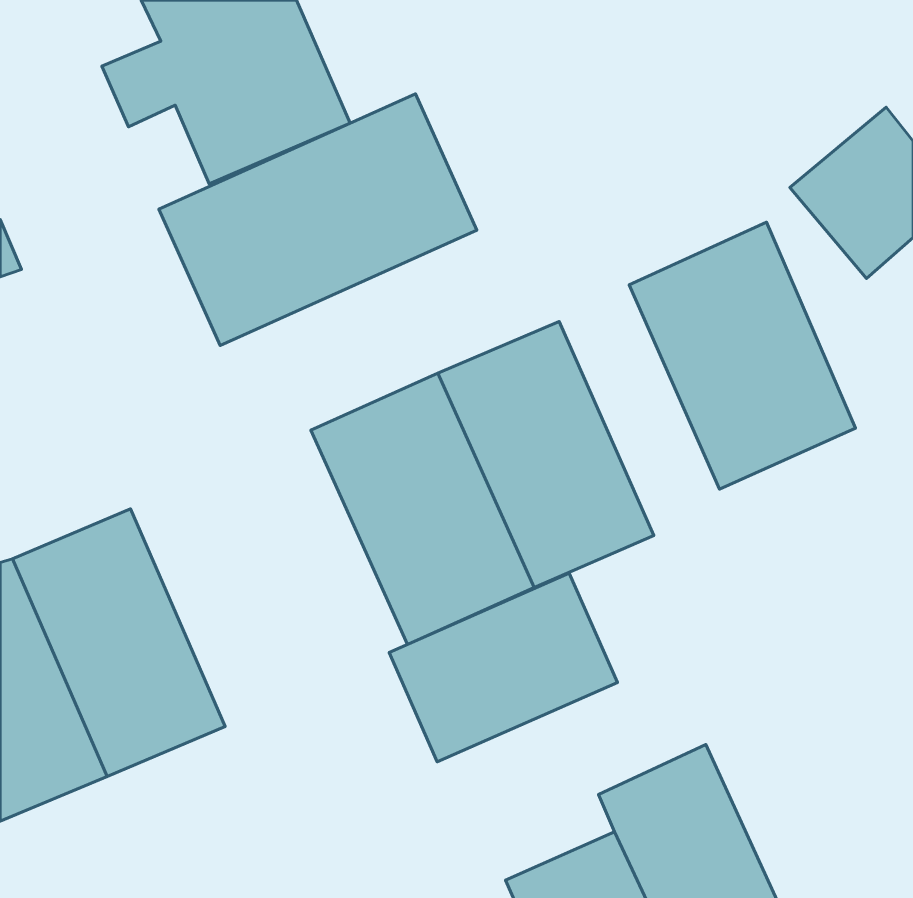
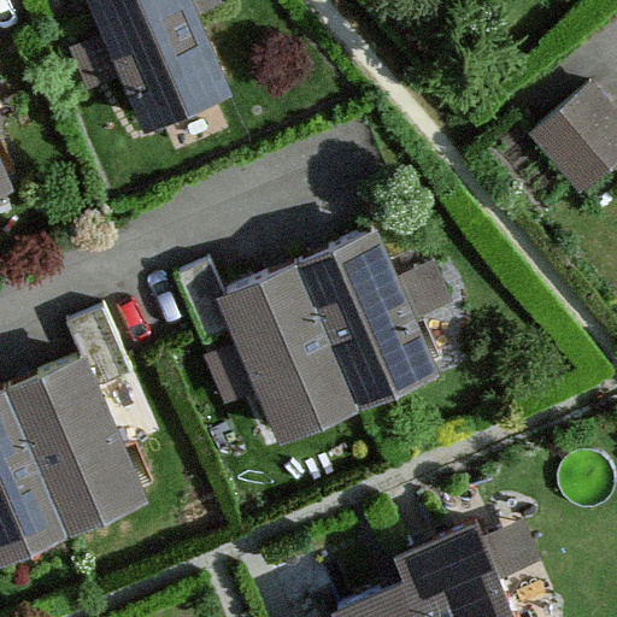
building: [159,94,477,346] -> none
building: [629,222,855,489] -> none
building: [389,573,617,762] -> none

